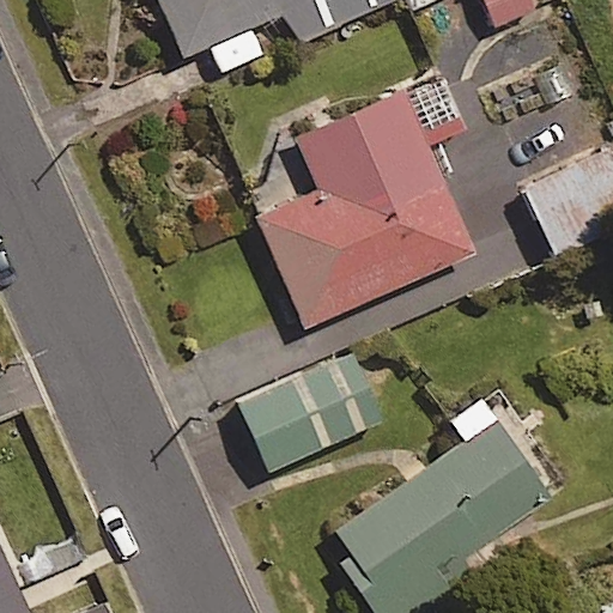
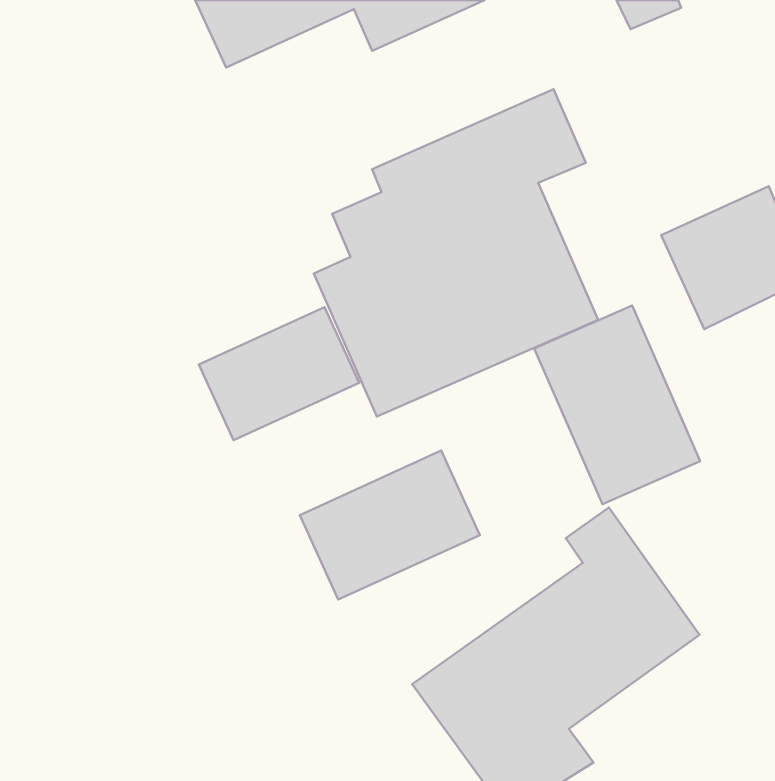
building: none -> [534,305,700,504]
building: none -> [199,307,359,440]

